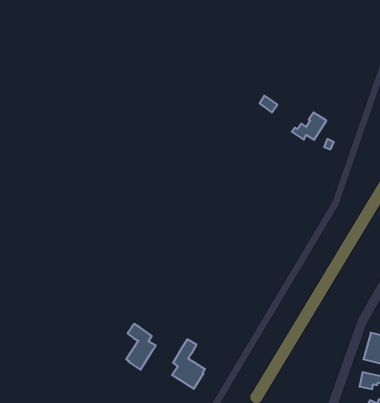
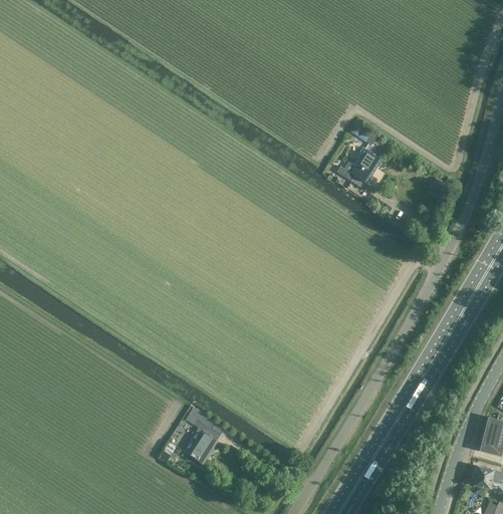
building: [292,112,326,140] -> [336,148,380,182]
building: [172,339,205,389] -> none

